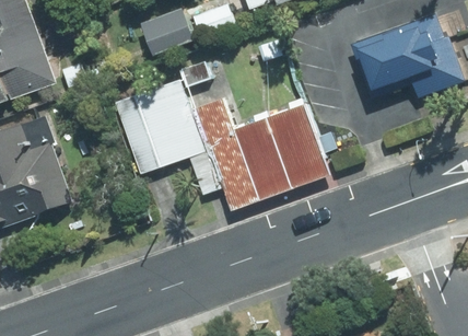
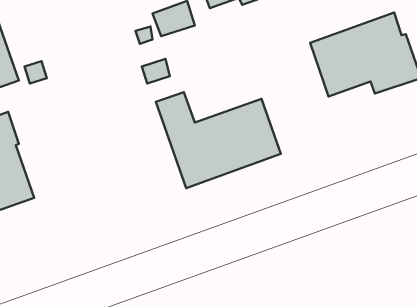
building: [114,80,203,175] -> none

